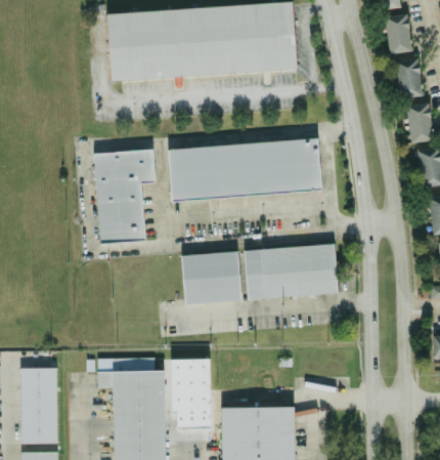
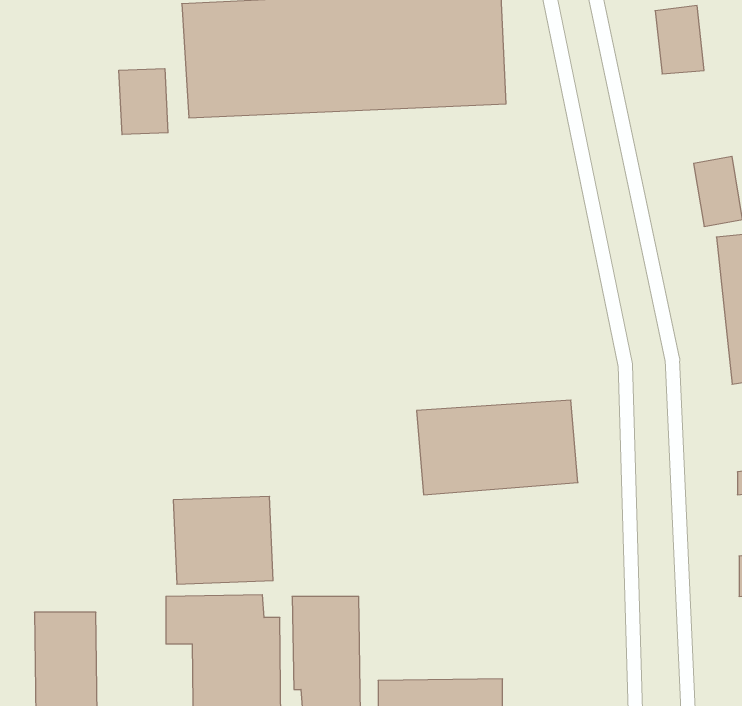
building: none -> [119,69,168,135]
building: [396,58,421,93] -> none
building: [168,139,320,200] -> none
building: [94,150,156,243] -> none
building: [182,252,240,303] -> [173,496,273,584]

